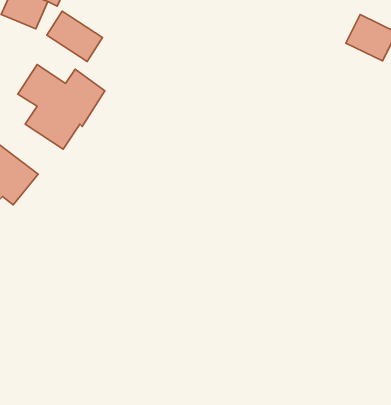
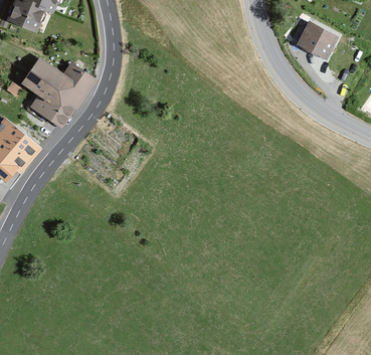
building: [47,11,102,62] -> none

